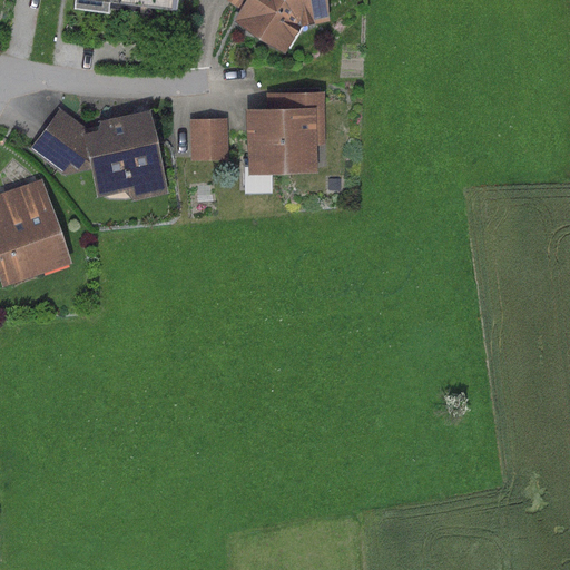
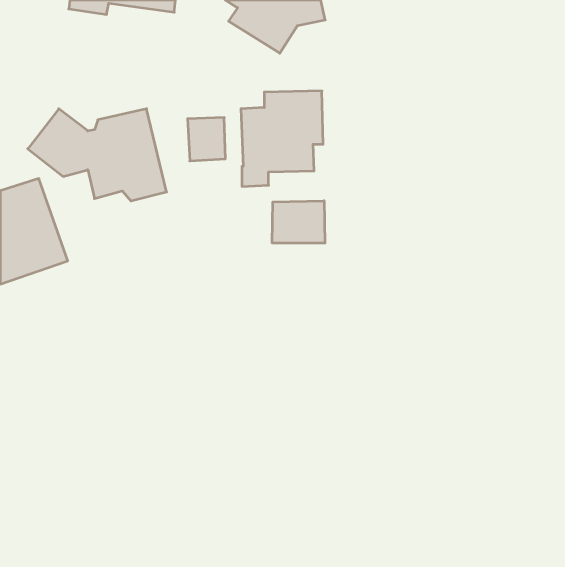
building: none -> [272,201,325,243]

